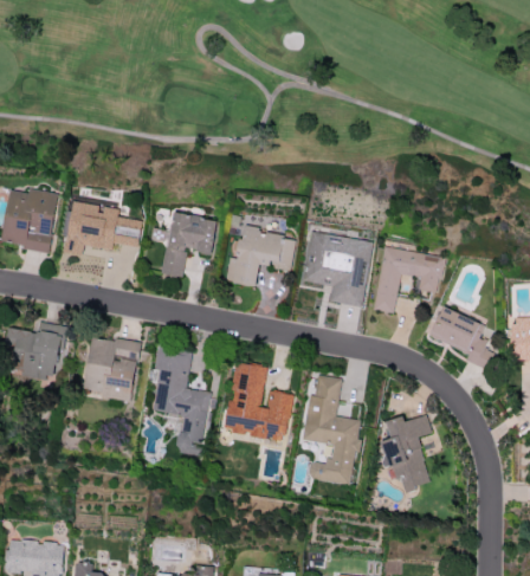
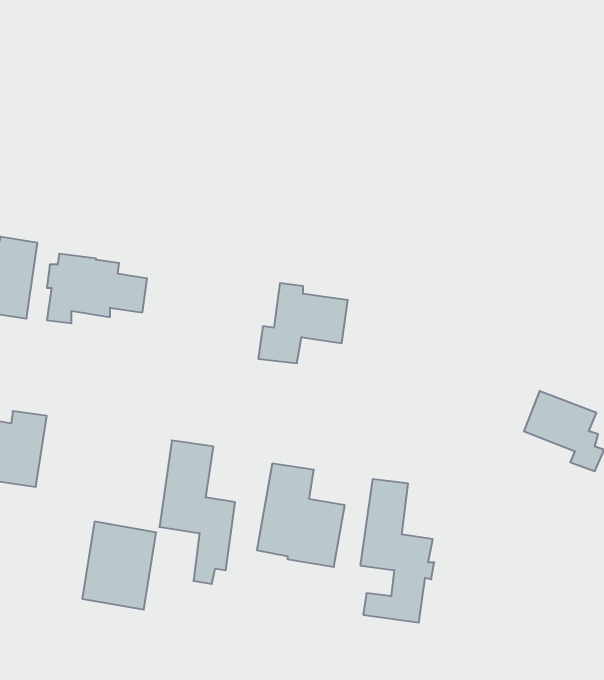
building: [163,213,216,278] -> none
building: [303,232,371,308] -> none
building: [373,247,444,313] -> none
building: [82,336,138,403] -> [82,522,156,610]
building: [380,415,431,494] -> none

